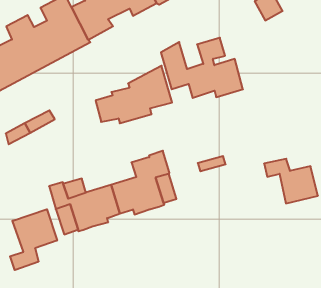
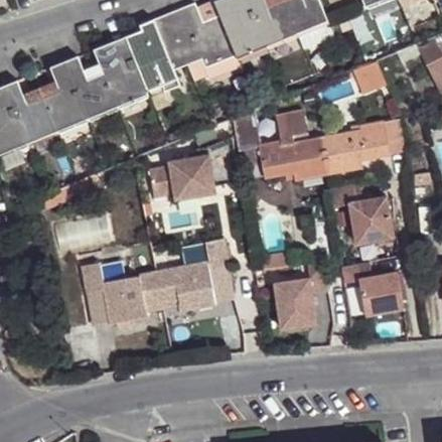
building: none -> [320,119,405,174]
building: none -> [329,185,390,246]
building: none -> [276,261,328,328]
building: [10,209,57,270] -> none

